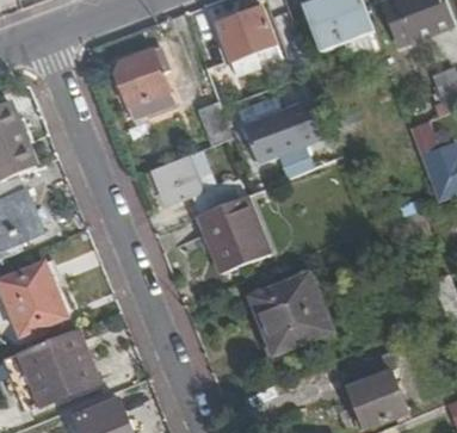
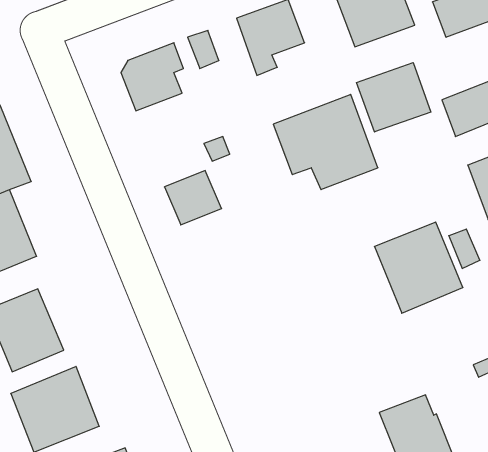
building: none -> [357,63,431,132]
building: [199,196,266,272] -> none
building: [253,274,331,354] -> [374,222,463,313]

